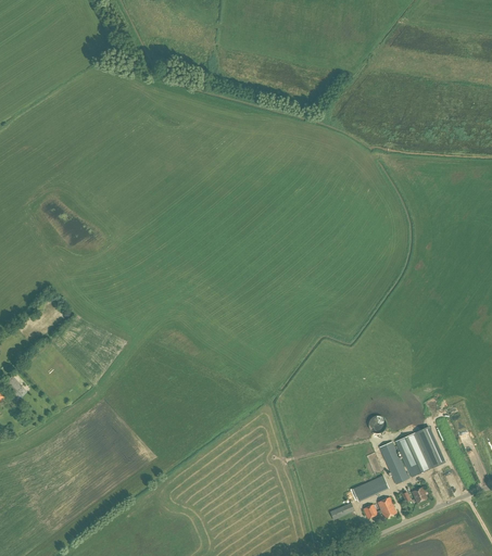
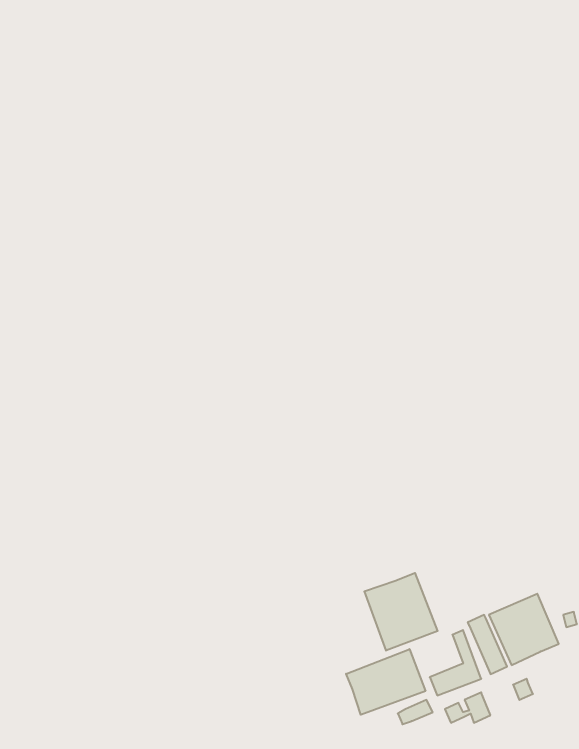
building: none -> [364,573,438,651]
building: none -> [346,649,425,715]

